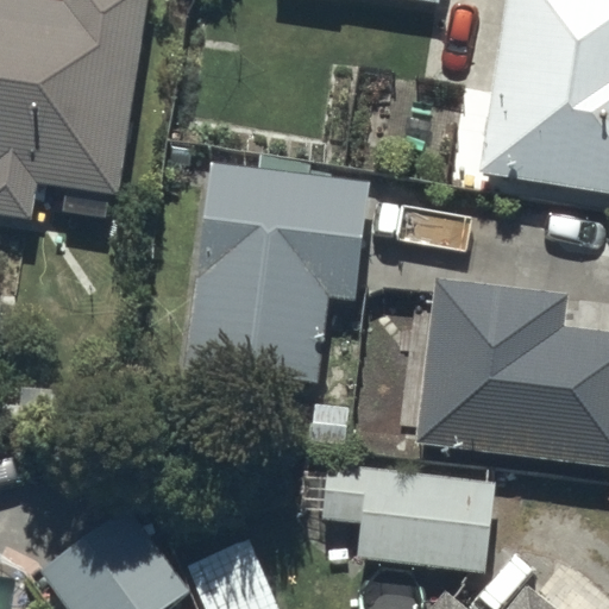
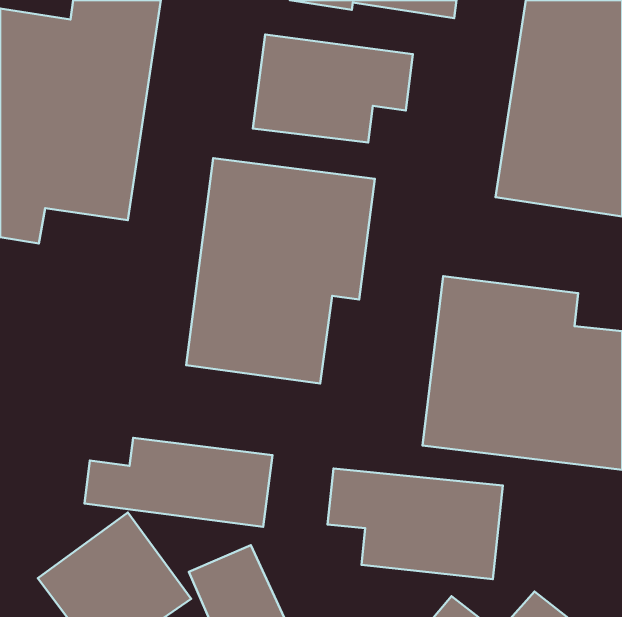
building: none -> [253,34,413,143]
building: none -> [84,438,272,527]

